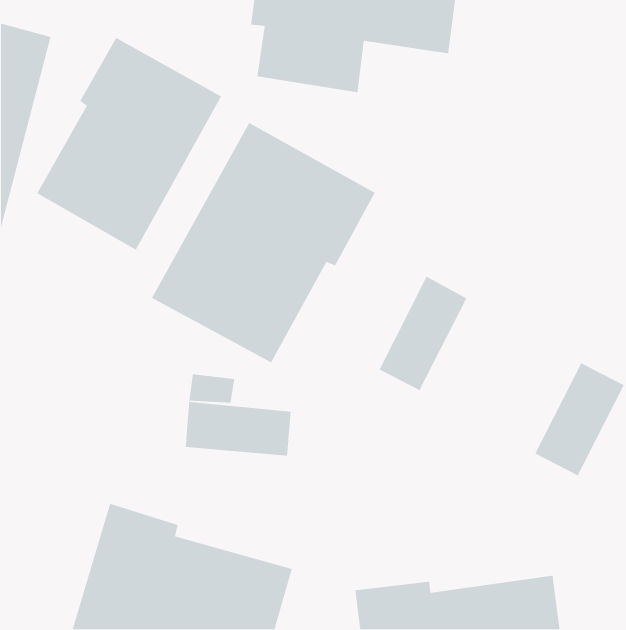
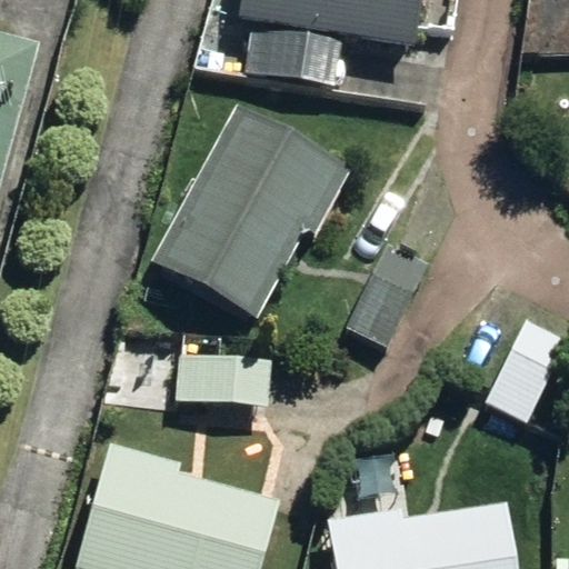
building: [36,37,222,251] -> none

